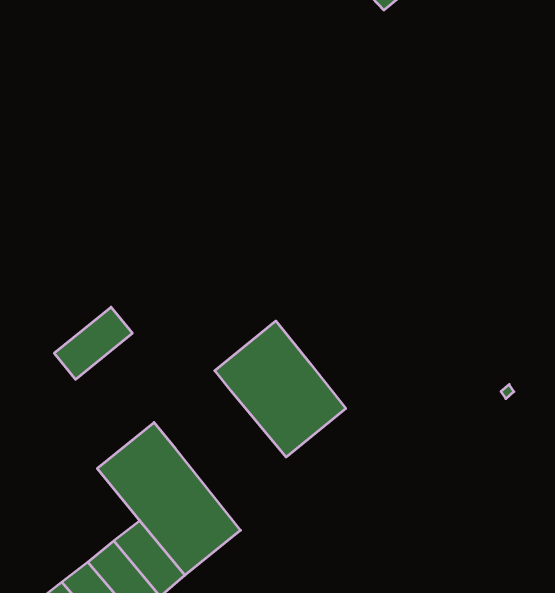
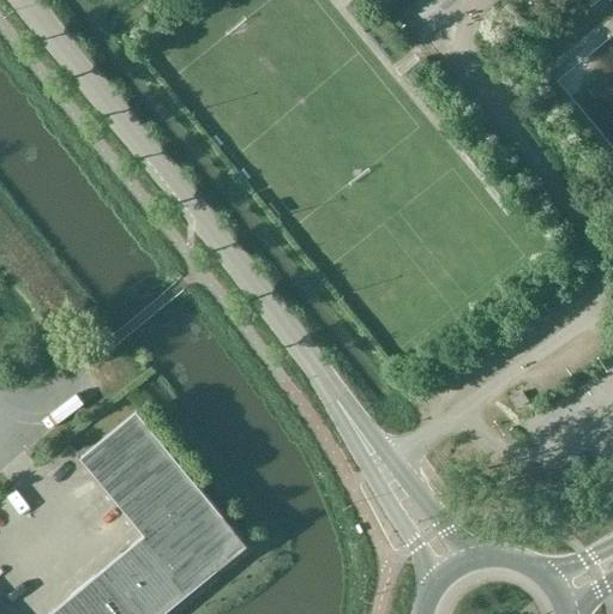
building: [54,307,132,379] -> [79,413,158,486]
building: [215,321,346,457] -> none

